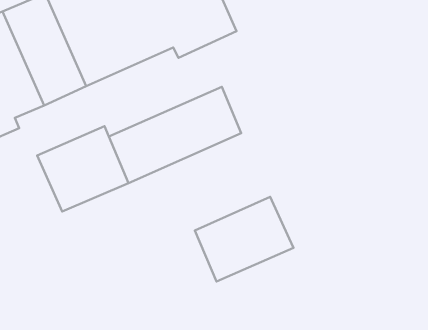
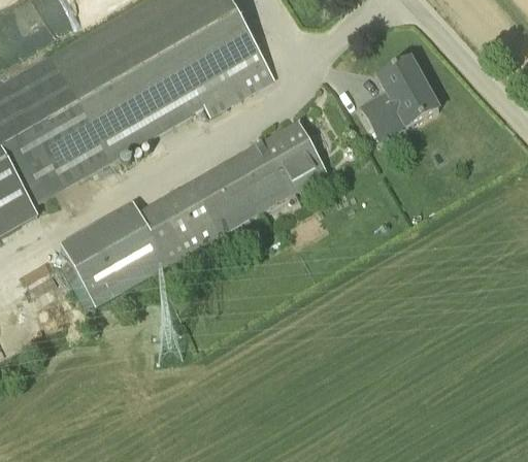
building: none -> [361,63,438,130]
building: none -> [263,122,327,193]
building: [195,197,293,282] -> none

